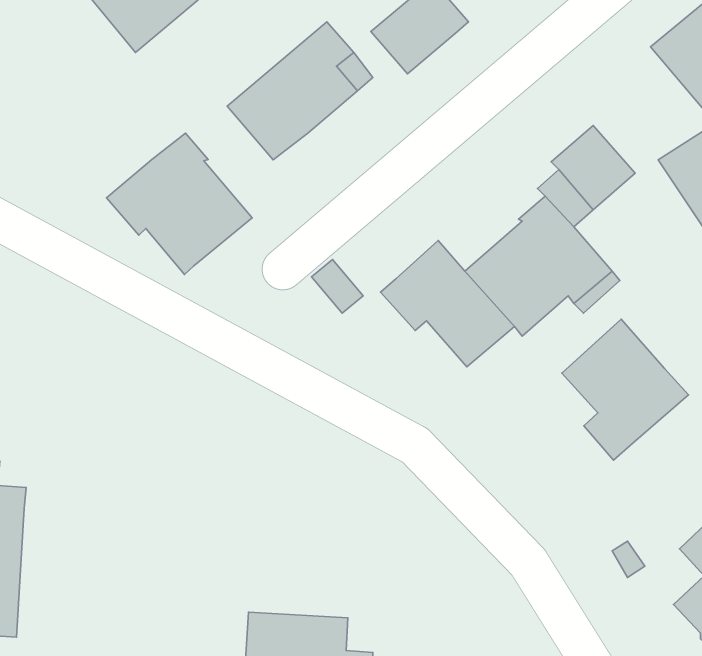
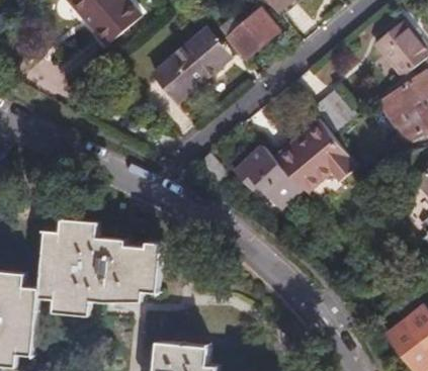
building: [107,133,252,274] -> none
building: [562,319,688,460] -> none
building: none -> [41,215,167,312]

